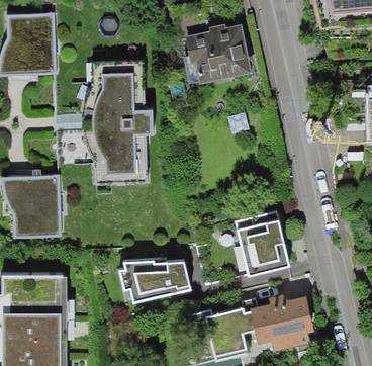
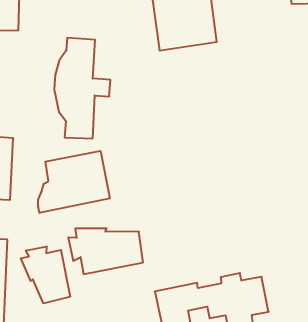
building: none -> [38,151,110,213]
building: [238,210,293,274] -> none
building: none -> [21,246,70,303]

